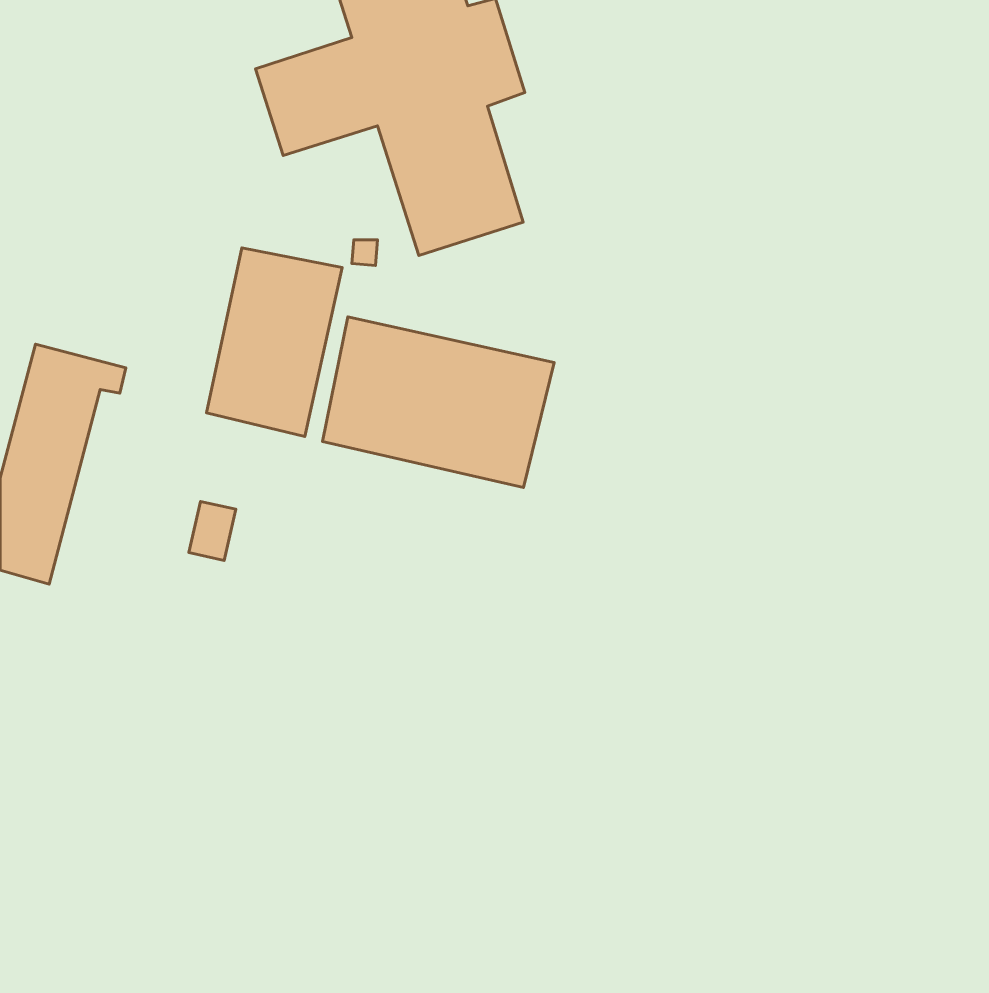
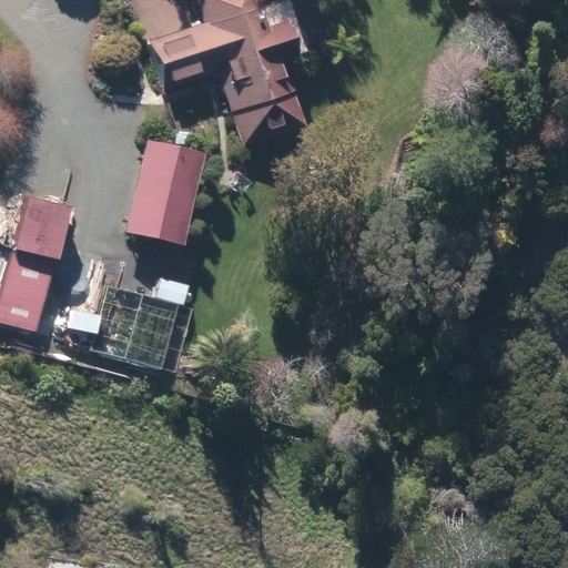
building: [323,317,554,487] -> none

